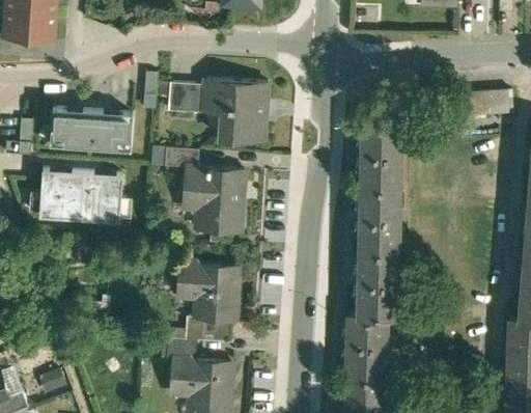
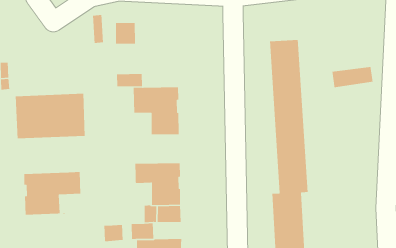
building: [204,80,268,141] -> none
building: [459,91,511,115] -> [332,66,374,88]
building: [47,110,133,150] -> none
building: none -> [23,170,101,215]
building: none -> [103,224,123,242]

